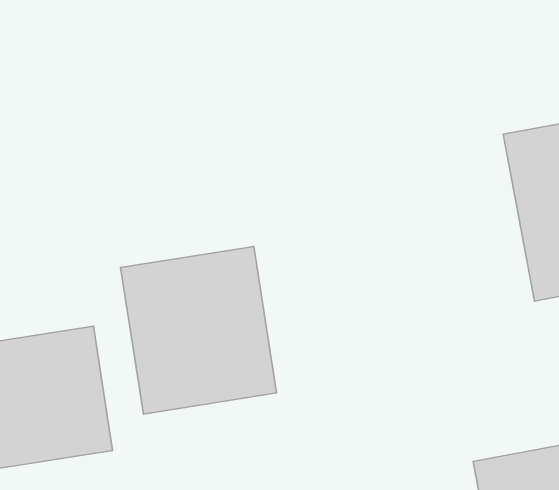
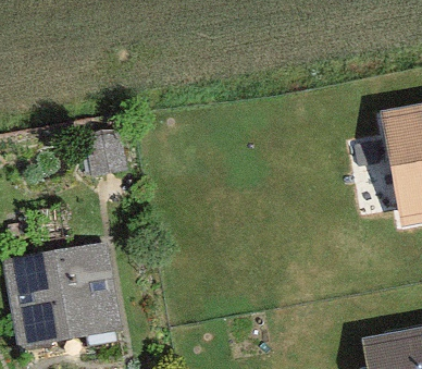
building: [121,246,277,414] -> none

